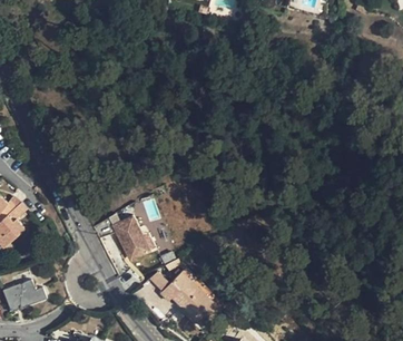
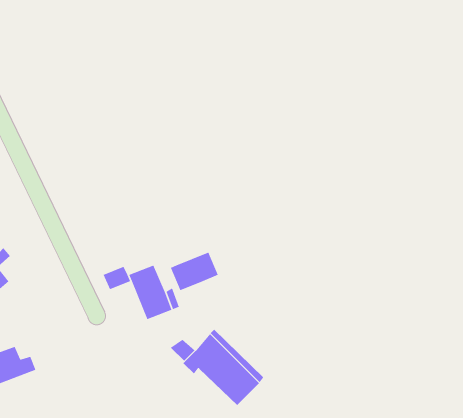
building: none -> [170,251,219,291]

